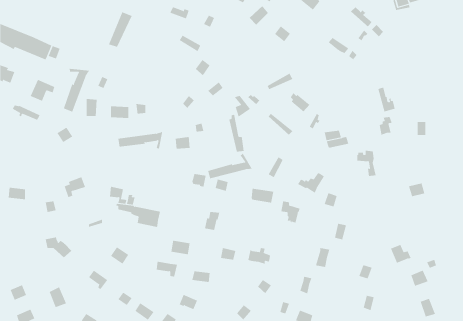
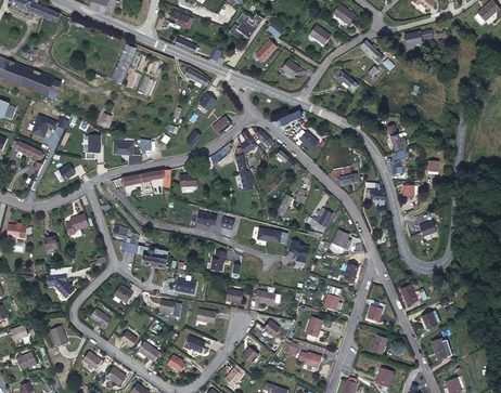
building: [63,68,90,113] -> none
building: [207,153,253,179] -> none

